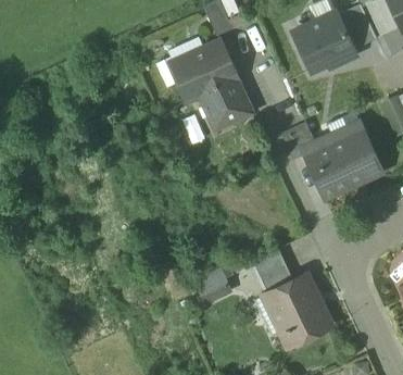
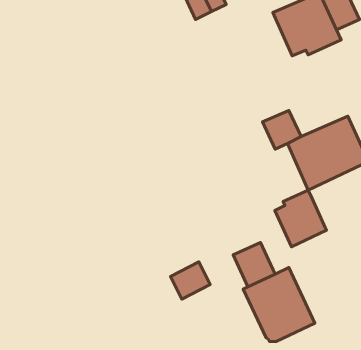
building: [174,41,251,125] -> none
building: none -> [275,190,327,247]

